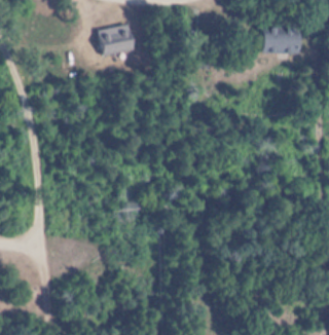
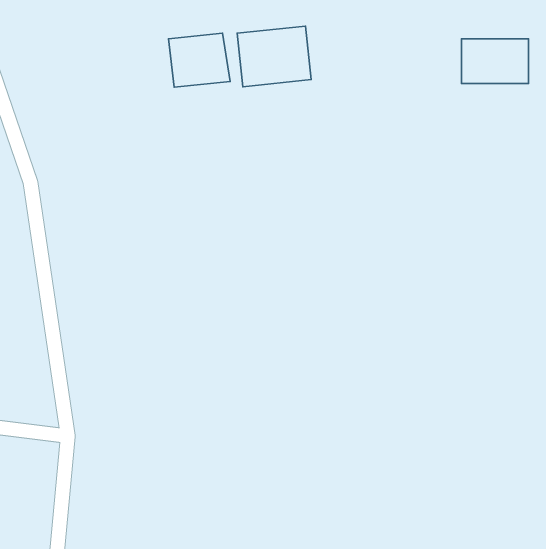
building: none -> [237,26,311,87]

